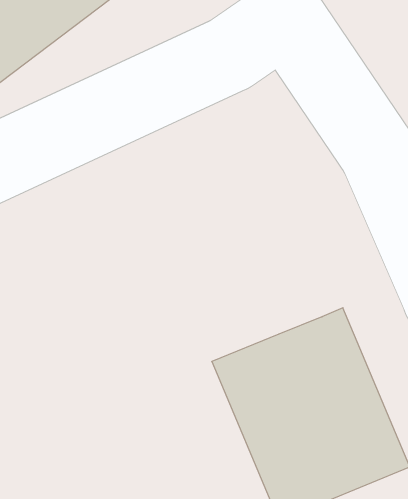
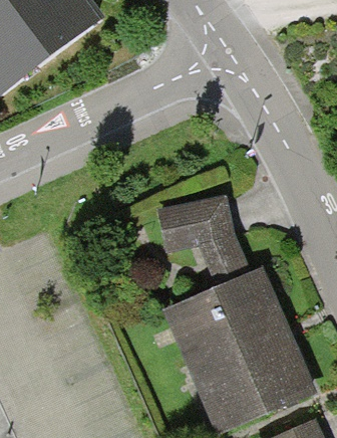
building: none -> [152,194,249,286]

